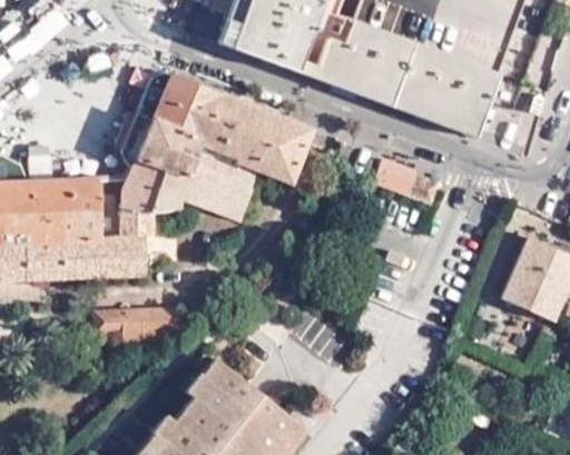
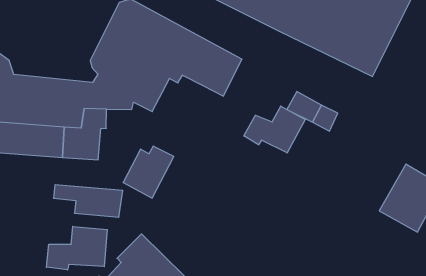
building: [208,158,267,222] -> [123,146,174,198]
building: none -> [244,106,305,153]
building: none -> [46,226,107,270]

